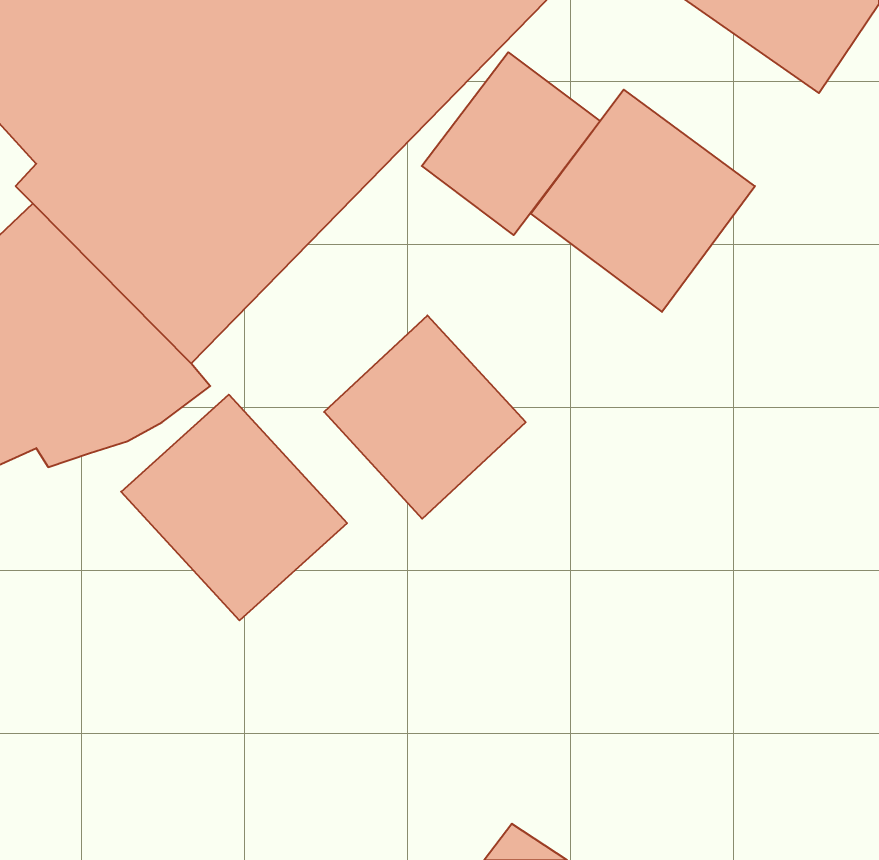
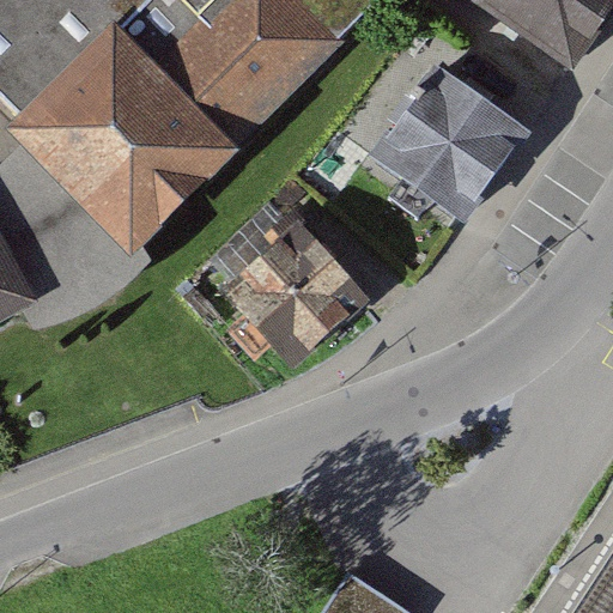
building: [422,52,600,235] -> none
building: [121,395,347,620] -> none

